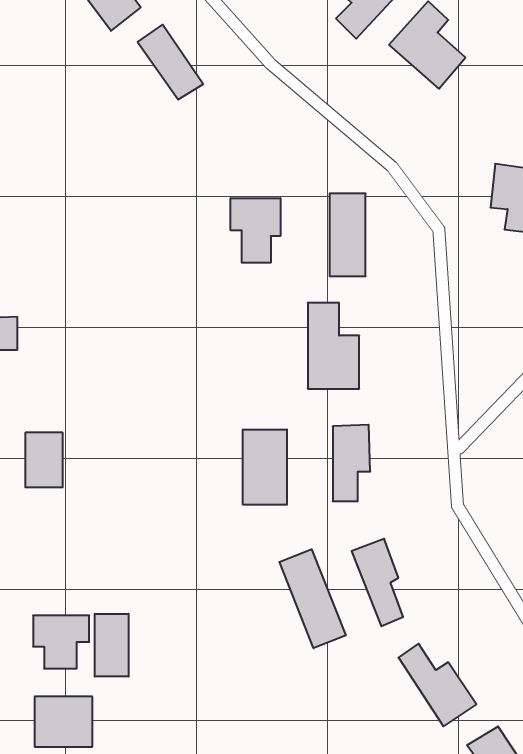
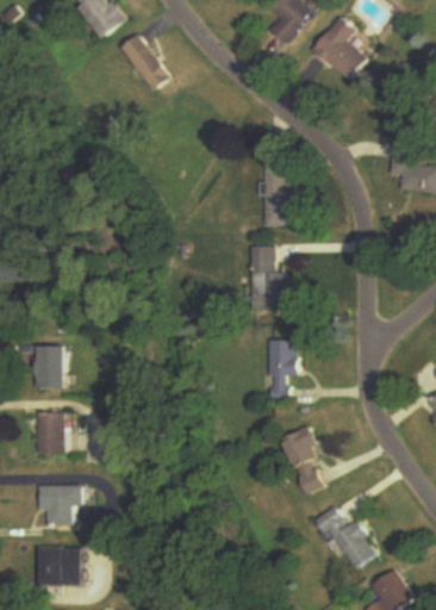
building: [231,198,280,263] -> none
building: [243,429,287,505] -> none
building: none -> [36,411,62,453]
building: [279,549,346,648] -> none
building: [95,614,129,677] -> none

